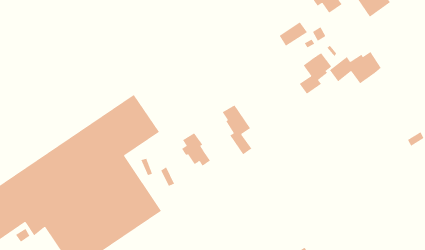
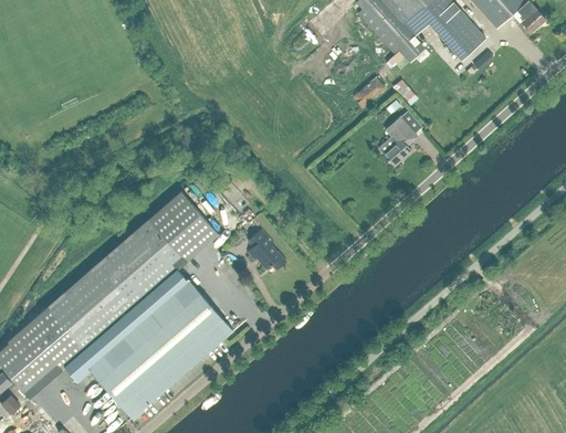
building: [329,51,382,84] -> none
building: [222,104,252,155] -> none

